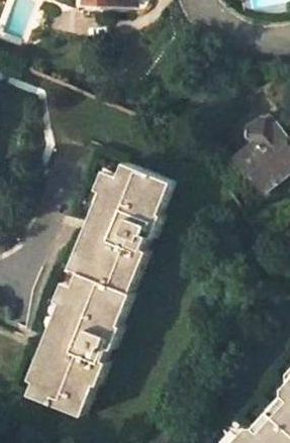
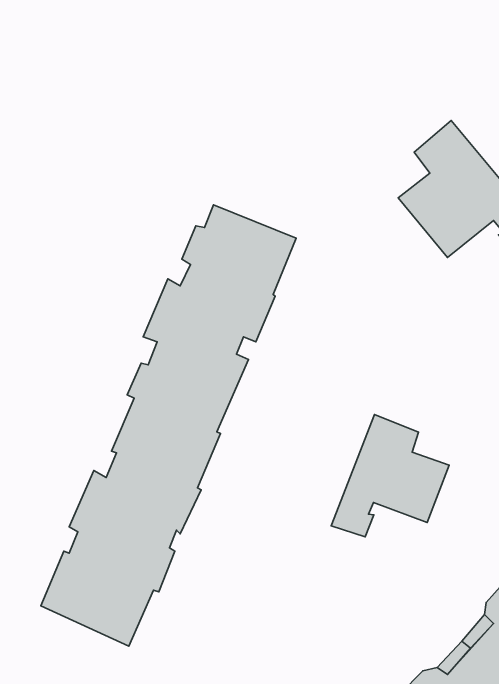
building: none -> [331,414,449,537]

